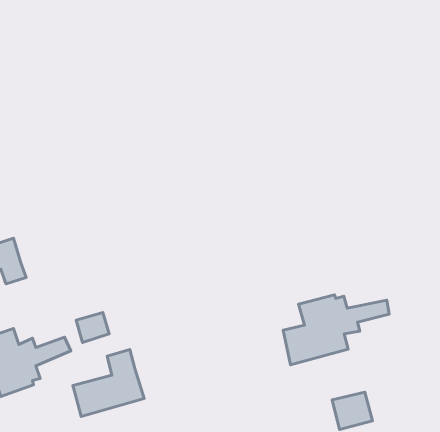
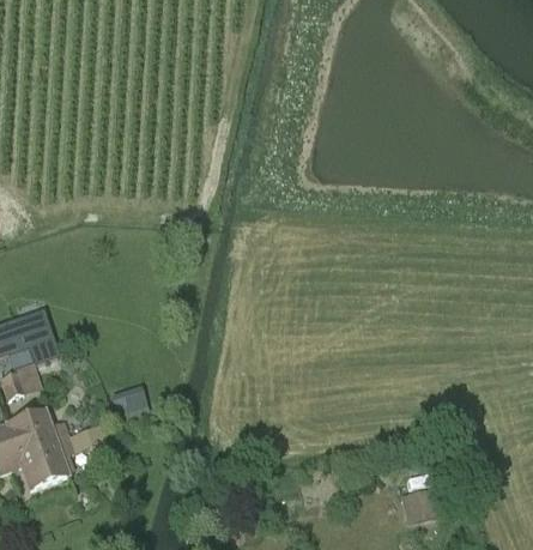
building: [283,295,389,365] -> none
building: [73,349,144,417] -> none

